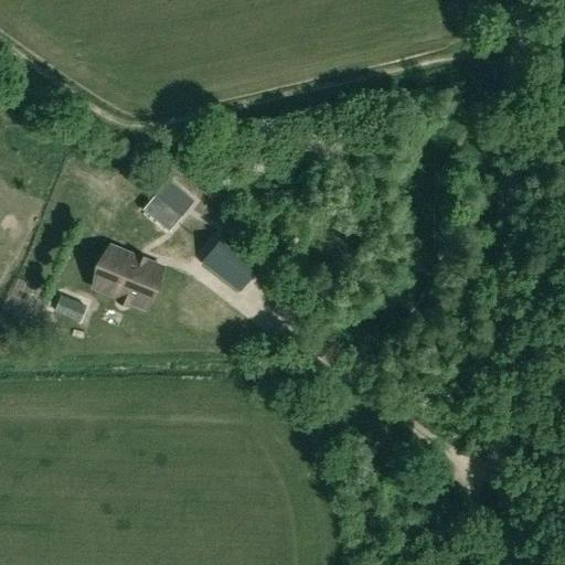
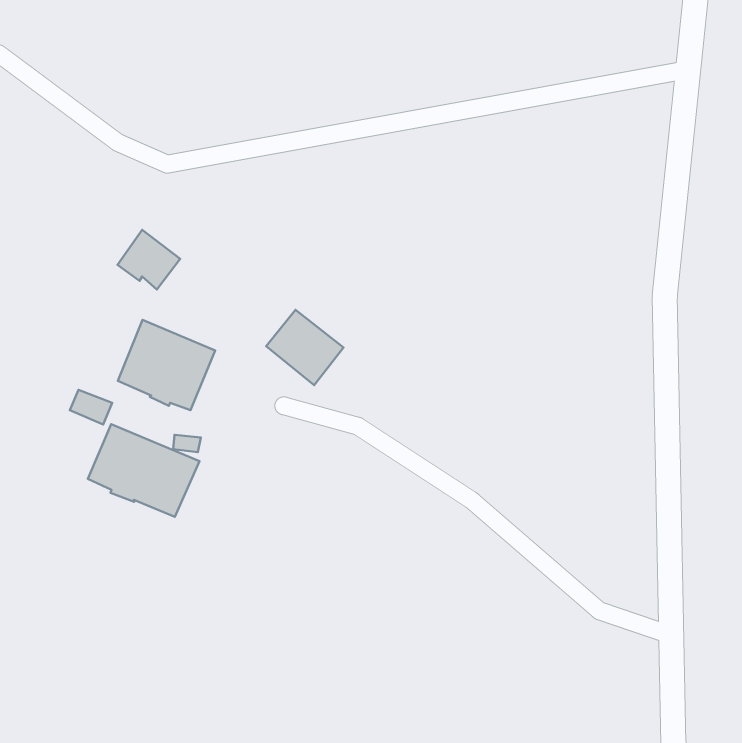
building: [147,178,194,223] -> [118,230,180,289]
building: none -> [88,424,199,517]

